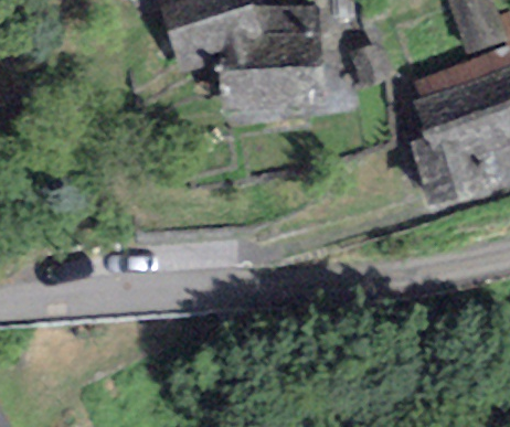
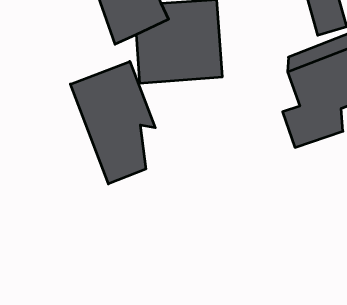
building: none -> [70,61,155,184]

